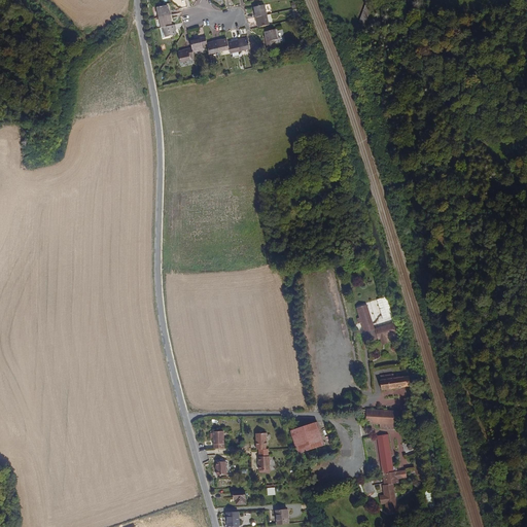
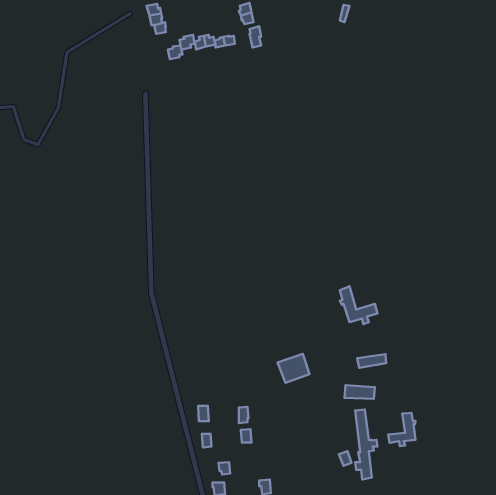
building: [290,421,324,452] -> [278,354,310,383]
building: none -> [388,413,415,446]

